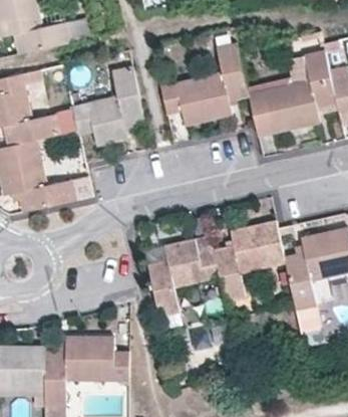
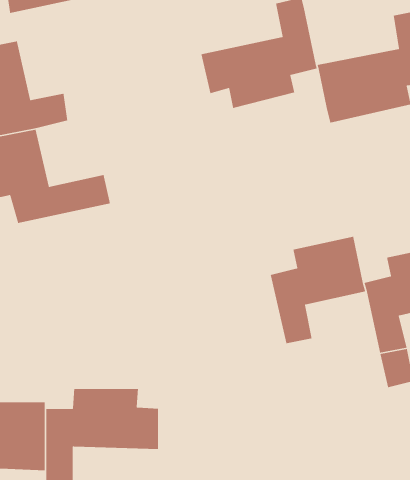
building: [72,66,144,145] -> none
building: [147,235,222,318] -> none

